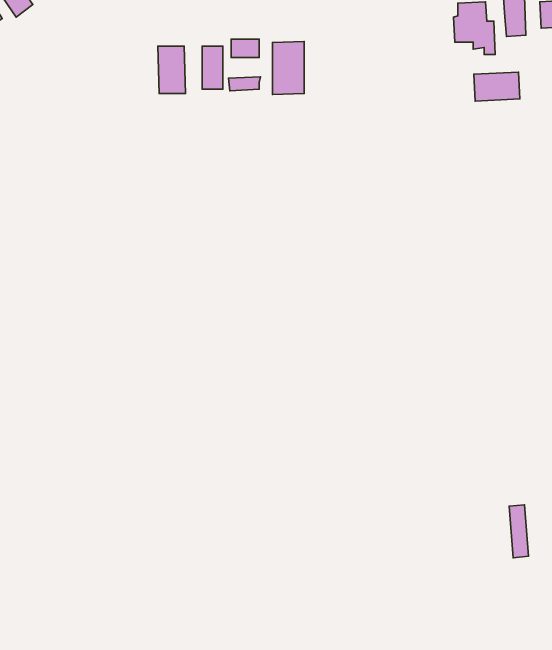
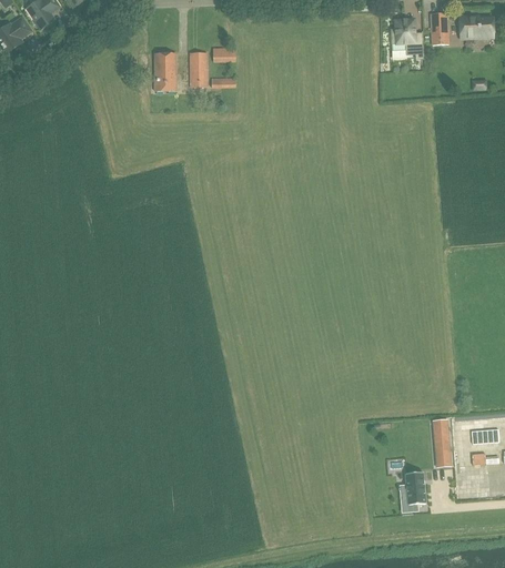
building: [272,42,304,95] -> none
building: [474,72,520,101] -> none
building: none -> [404,471,425,510]

